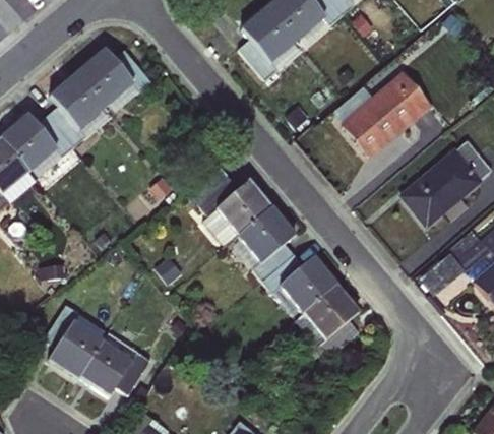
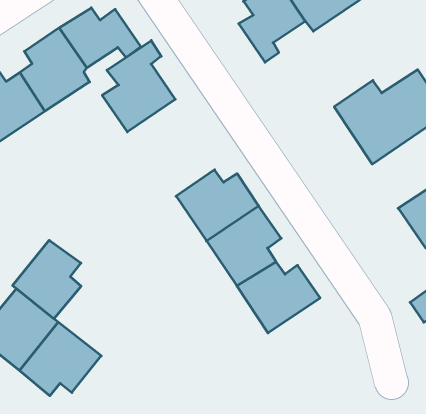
building: none -> [102,40,175,132]
building: none -> [13,240,81,319]
building: [296,283,361,356] -> none

